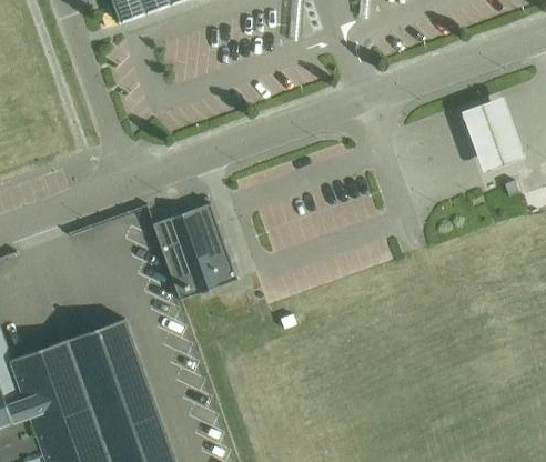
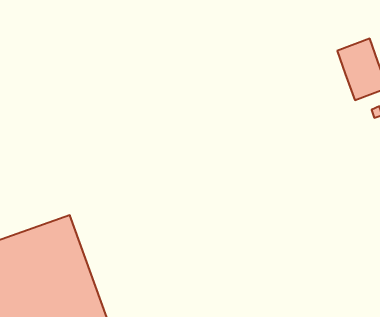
building: [151,203,237,301] -> none

